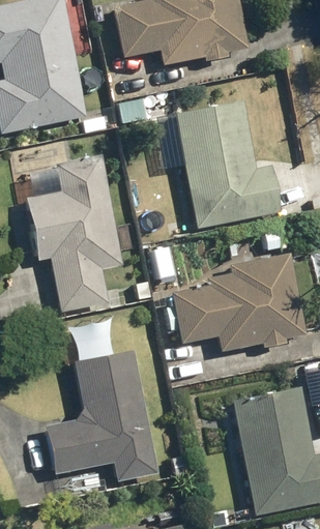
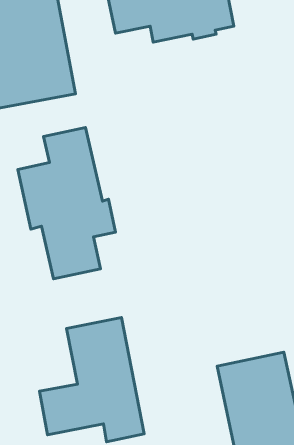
building: [168,97,282,227] -> none
building: [174,256,308,351] -> none

